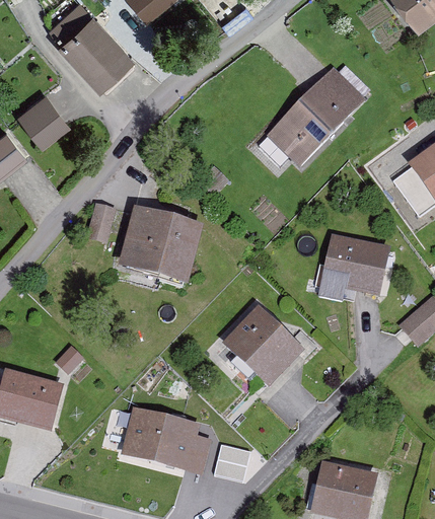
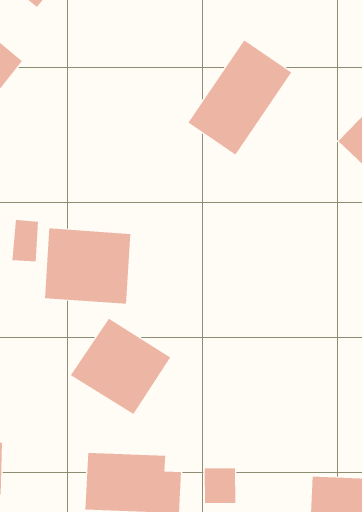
building: [314,233,391,299] -> none
building: [222,302,311,389] -> [70,318,171,415]

